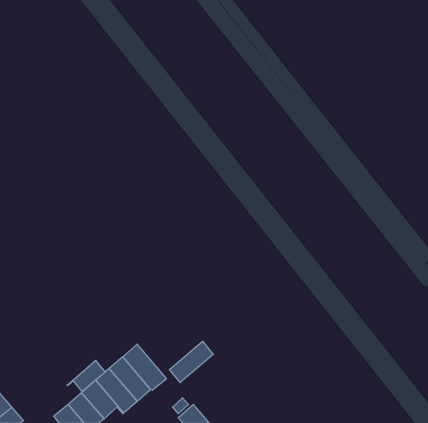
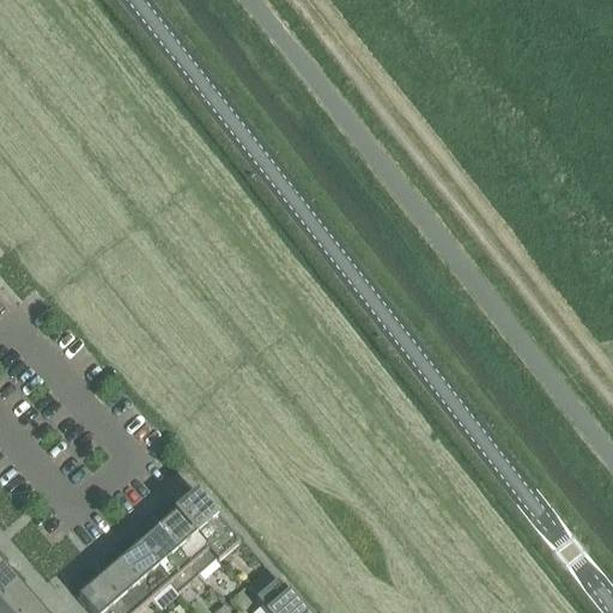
building: [169,341,213,383] -> none
building: [67,360,105,392] -> none

